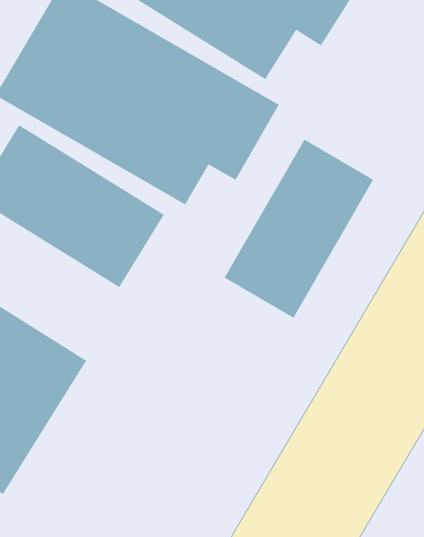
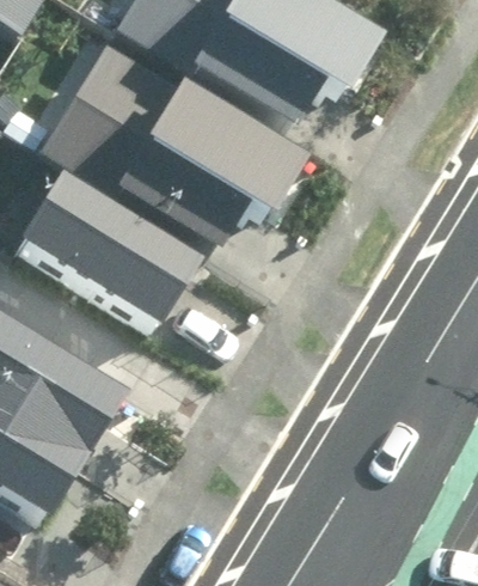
building: [224,138,374,319] -> none

